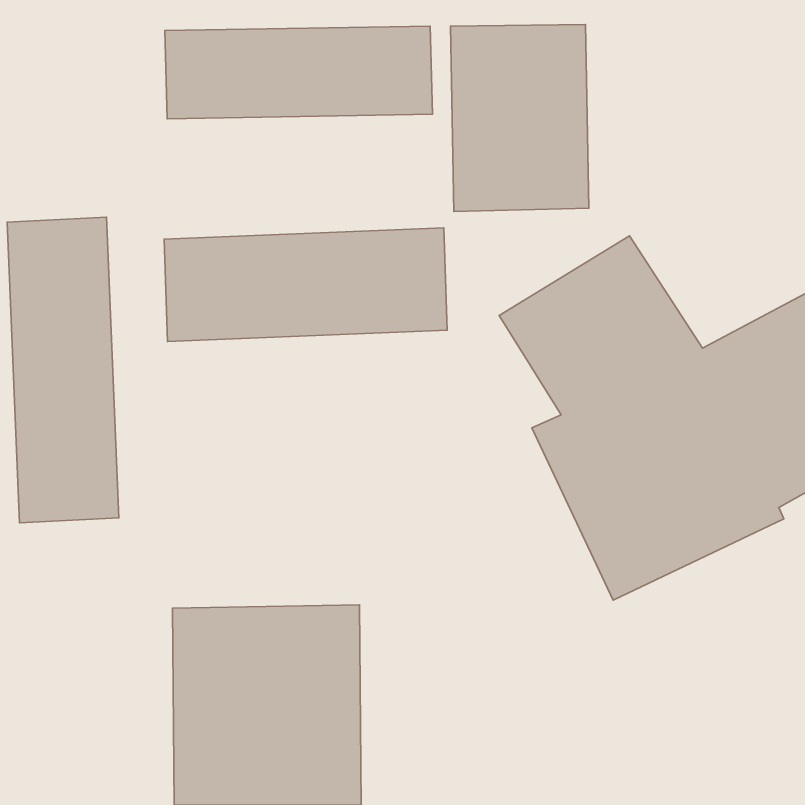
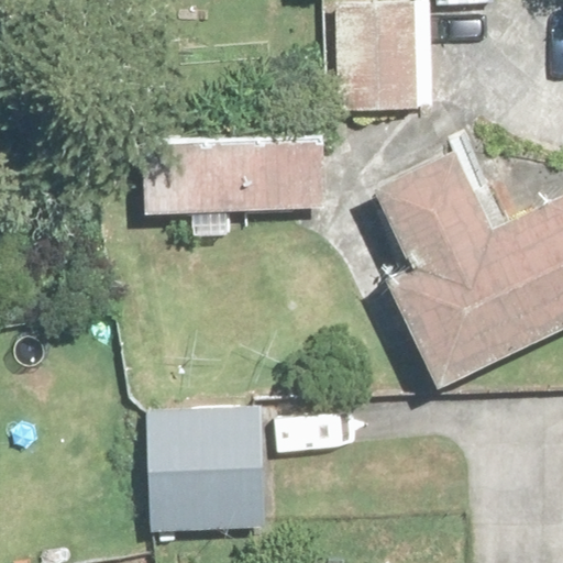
building: [165,26,432,119] -> none
building: [7,217,119,523] -> none

